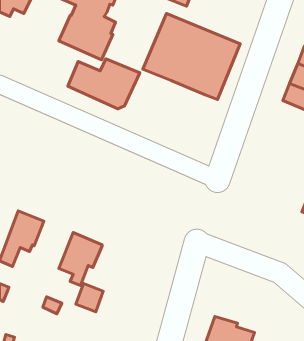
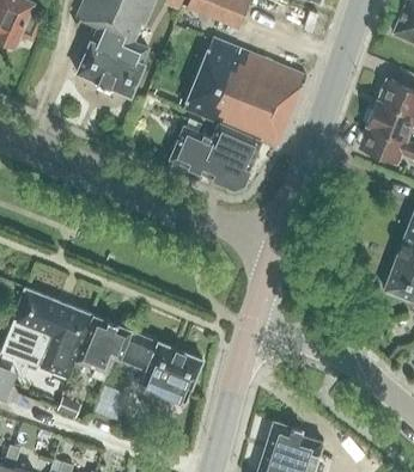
building: [68,59,140,109] -> [171,123,262,186]
building: none -> [18,301,95,379]
building: none -> [120,332,203,403]

